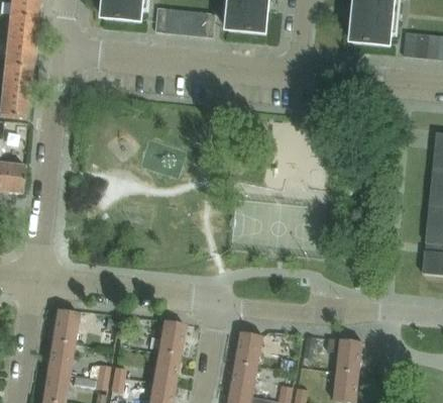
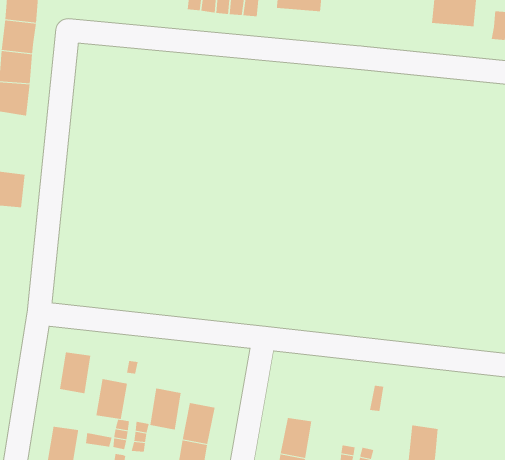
building: [157,321,184,356] -> [149,388,182,430]
building: [237,332,263,367] -> none
building: [328,338,363,373] -> none
building: [46,340,73,374] -> [96,378,128,419]

